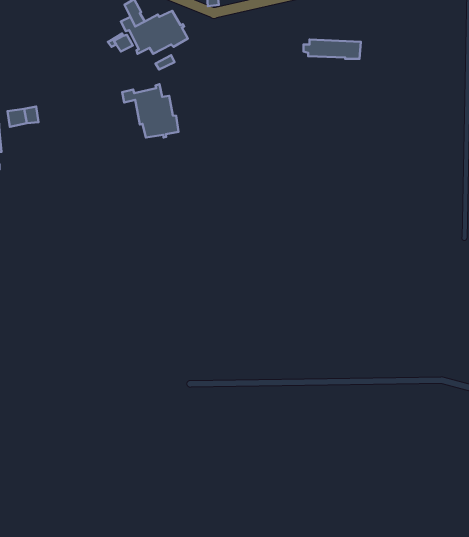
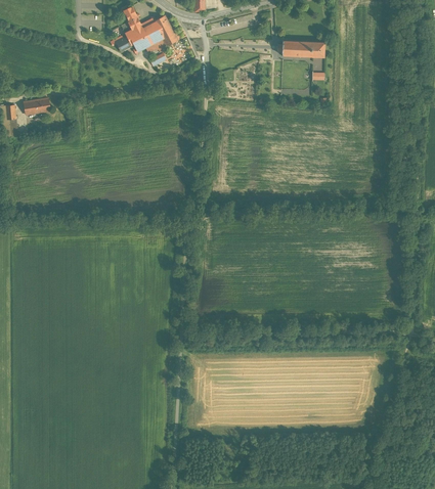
building: [122,84,178,138] -> none

